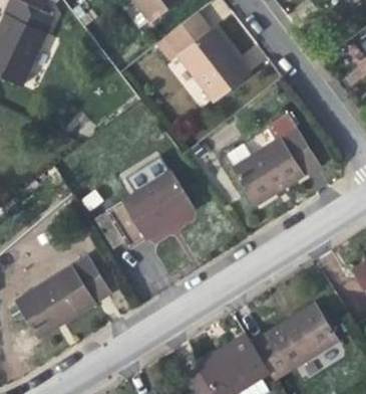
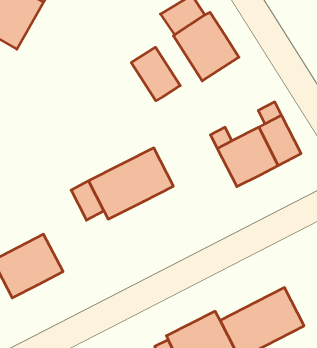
building: none -> [131,47,180,101]
building: [65,255,109,306] -> none

